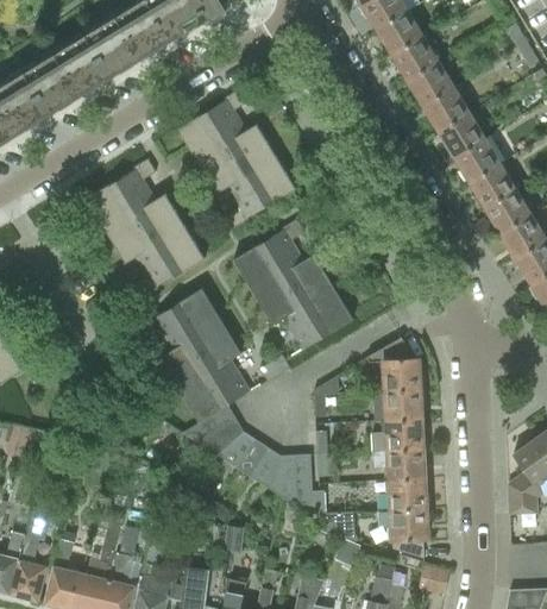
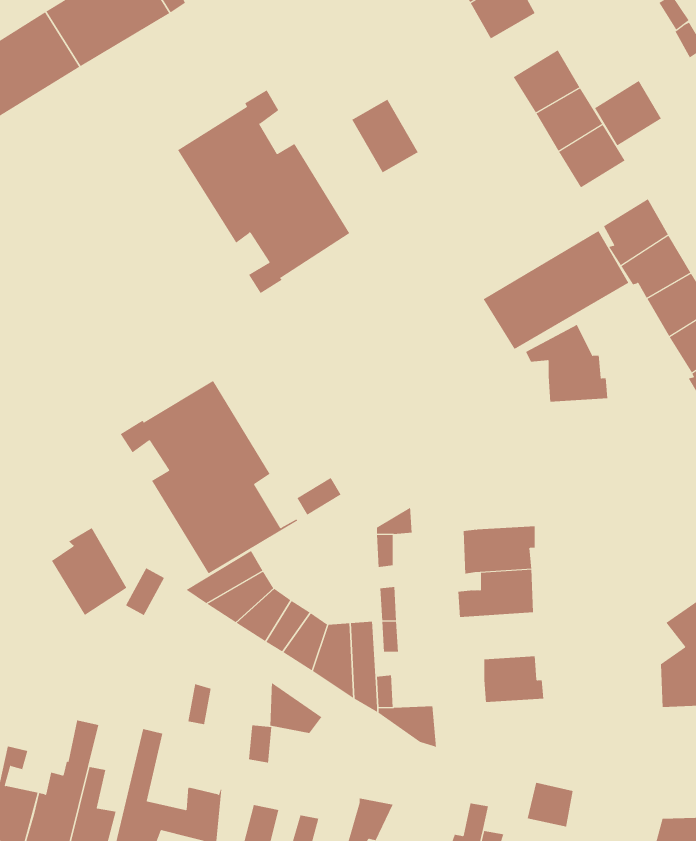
building: [392,37,439,81] -> none
building: none -> [351,99,419,173]
building: [454,138,501,183] -> [594,80,662,146]
building: [86,159,206,299] -> none
building: none -> [483,230,629,350]
building: [233,220,353,357] -> none
building: [366,338,423,391] -> [525,324,608,402]
building: none -> [51,527,127,616]
building: [371,448,423,481] -> none
building: none -> [270,682,322,734]
building: [389,508,430,557] -> none

